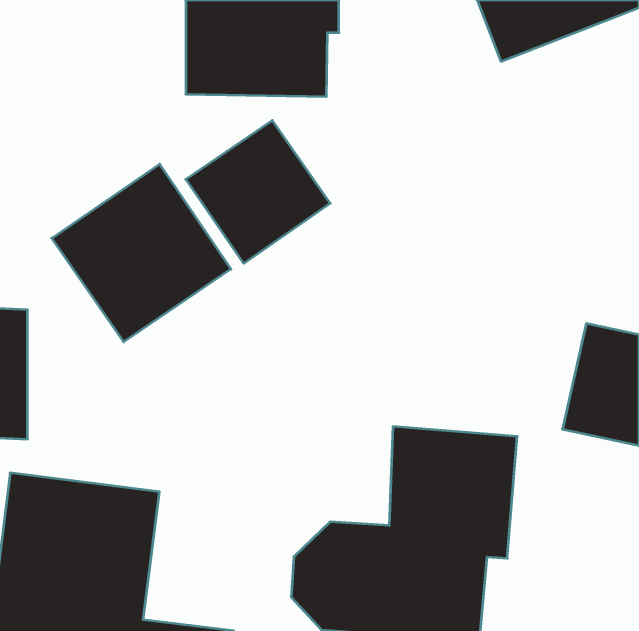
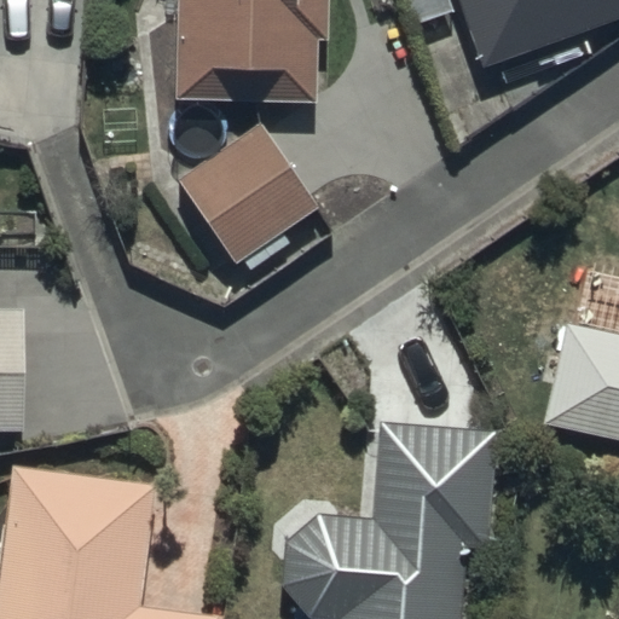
building: [52,164,231,342] -> none

